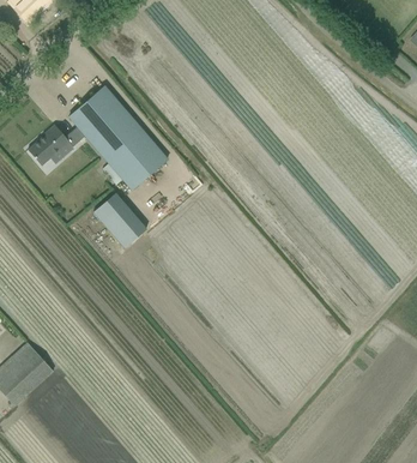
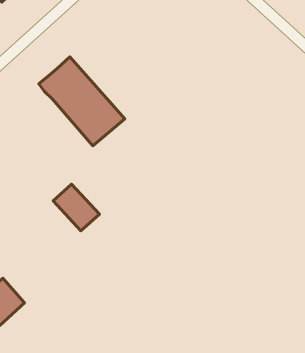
building: [28,125,83,163] -> none
building: [93,185,147,239] -> [53,184,100,231]

